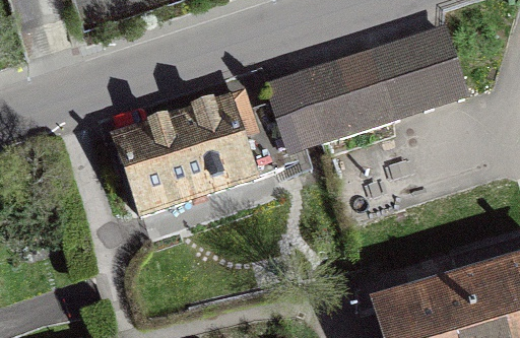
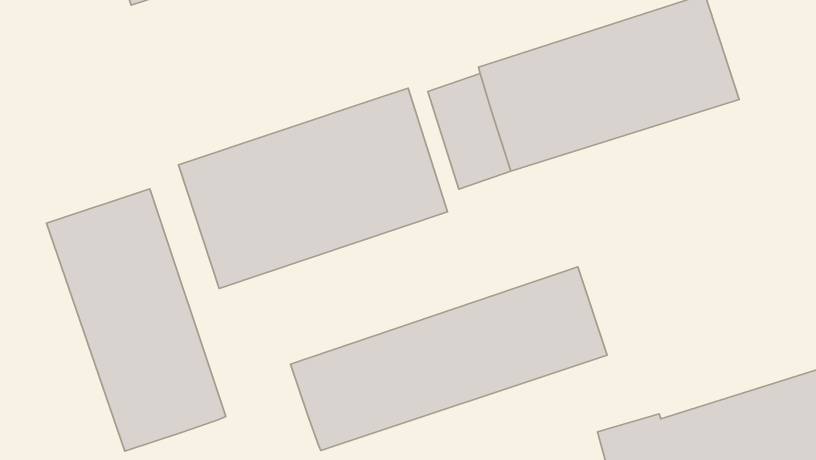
building: none -> [47,189,226,451]
building: none -> [291,267,607,450]

